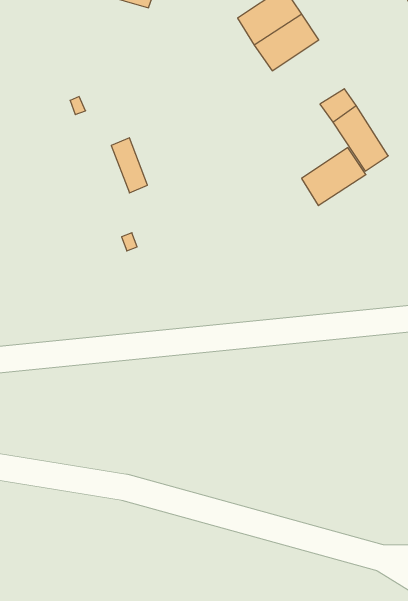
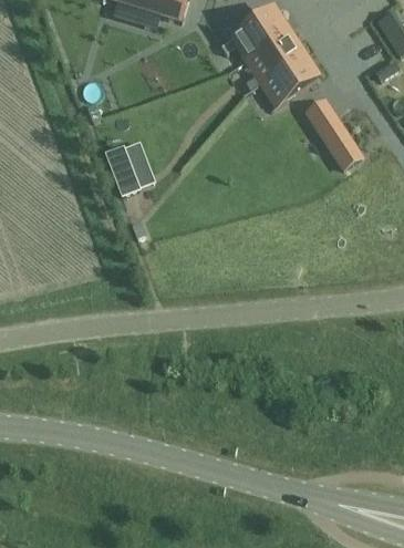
building: none -> [106,145,138,193]
building: [302,148,366,206] -> [261,54,317,104]

